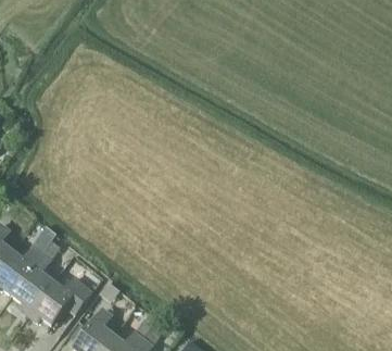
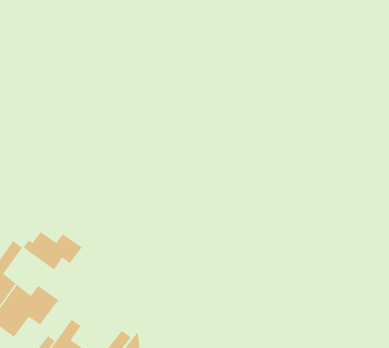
building: none -> [23,231,82,271]

